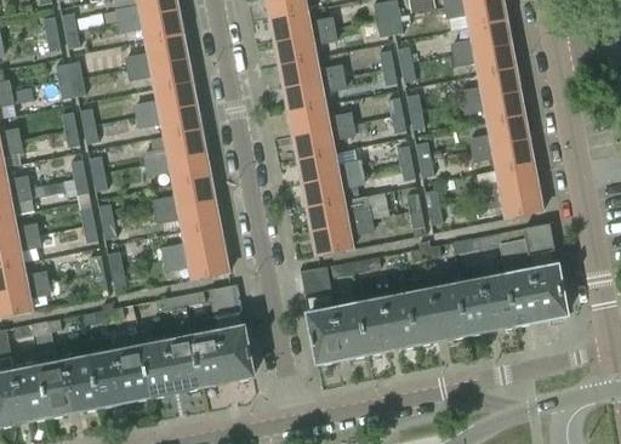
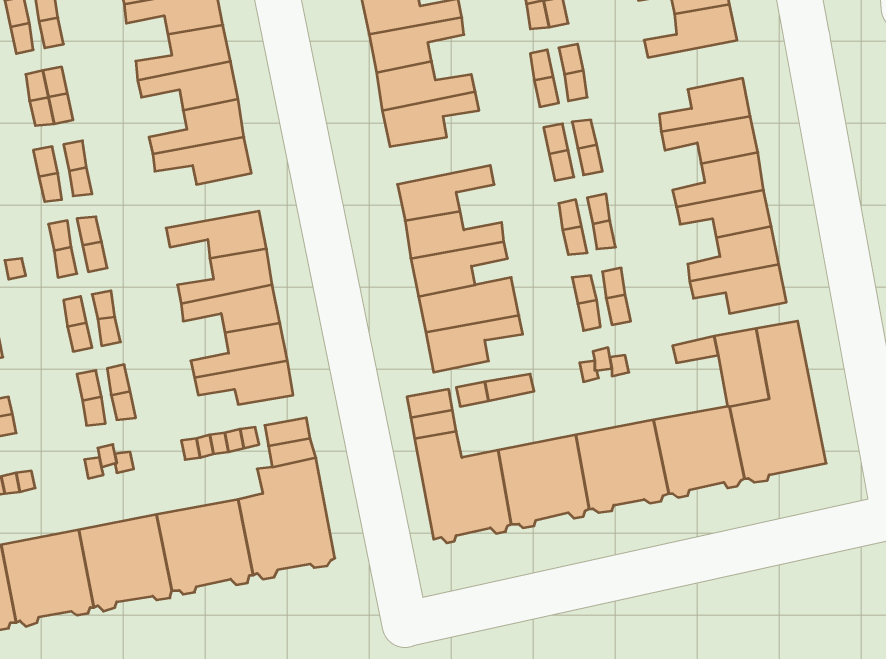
building: [454,42,514,74] -> none
building: [289,104,353,135] -> none
building: [143,127,205,163] -> none

